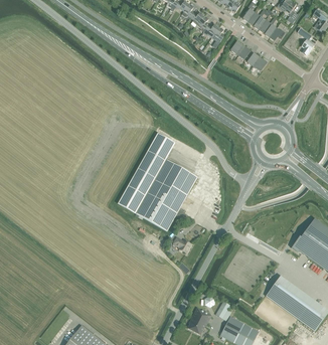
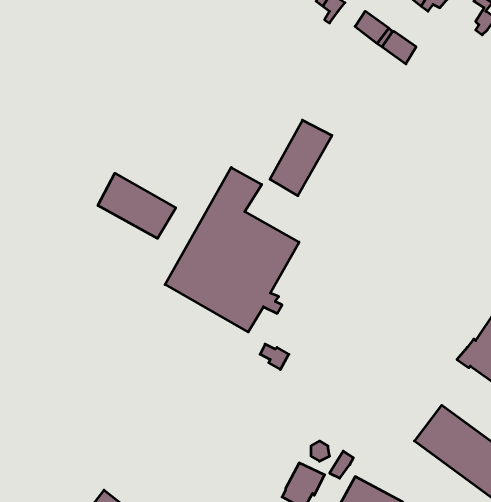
building: none -> [270,120,332,196]
building: none -> [98,173,176,238]

